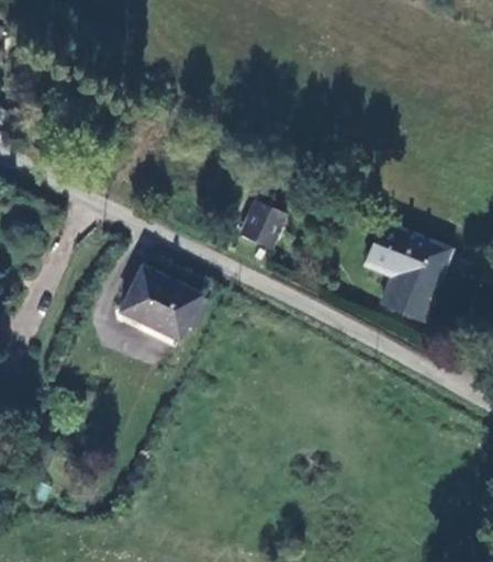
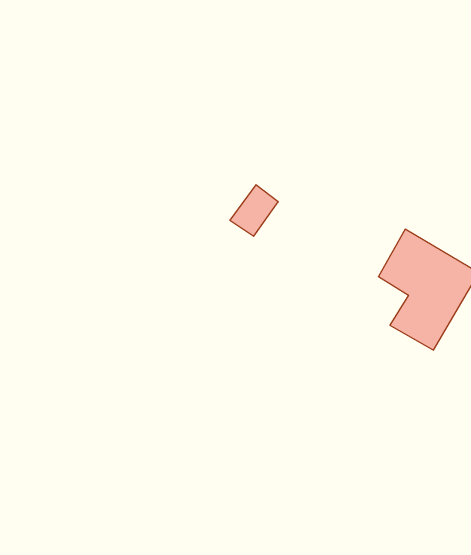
building: [122,267,197,335] -> none

